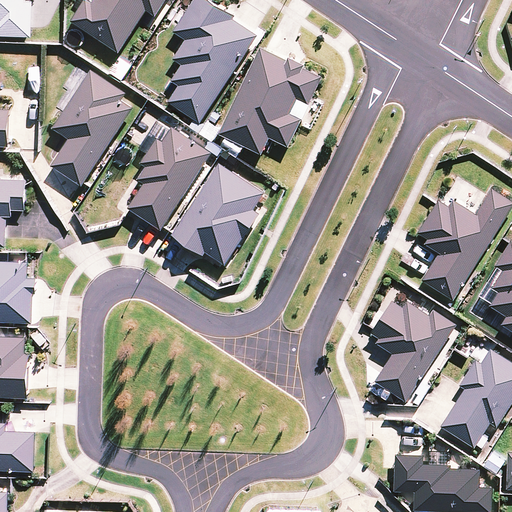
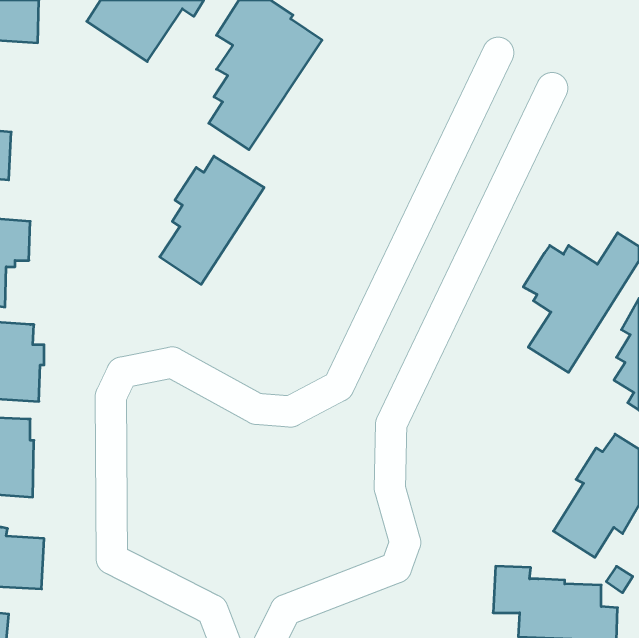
building: [218,48,319,154] -> none
building: [50,70,131,186] -> none
building: [171,163,263,266] -> none
building: [369,300,455,402] -> none

